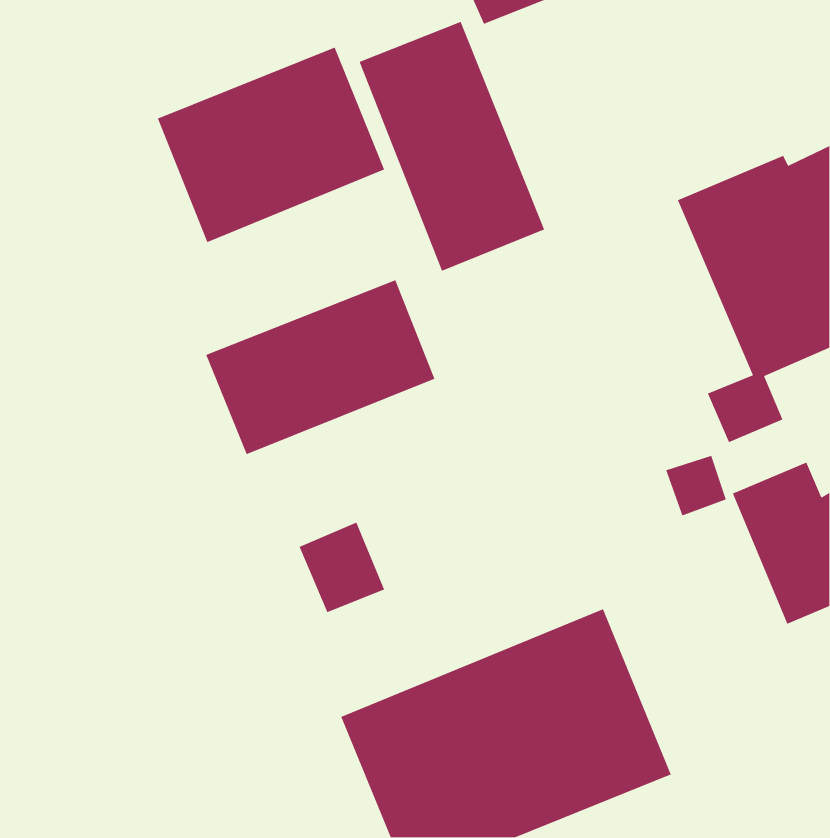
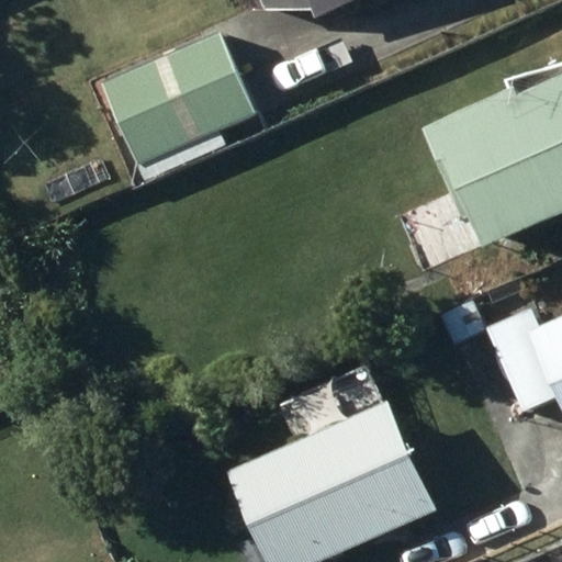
building: [358,21,545,272] -> none
building: [205,279,436,455] -> none

